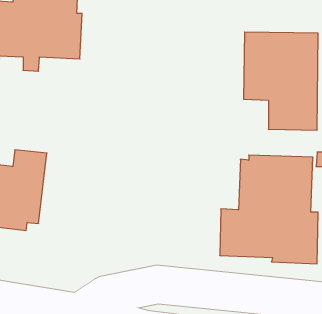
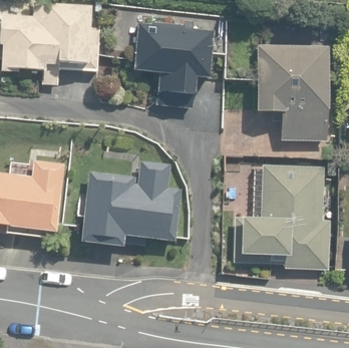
building: none -> [134,21,216,108]
building: none -> [80,161,182,249]

